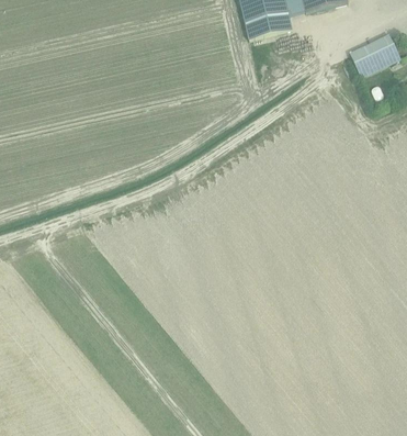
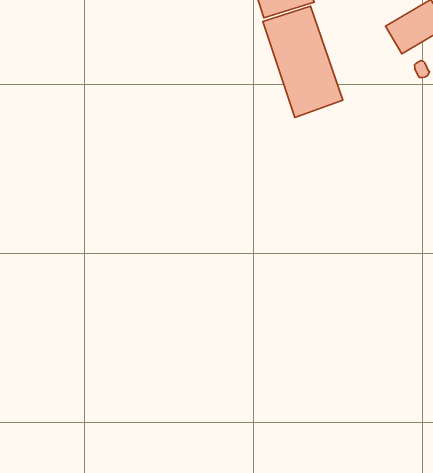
building: none -> [263,6,343,118]

